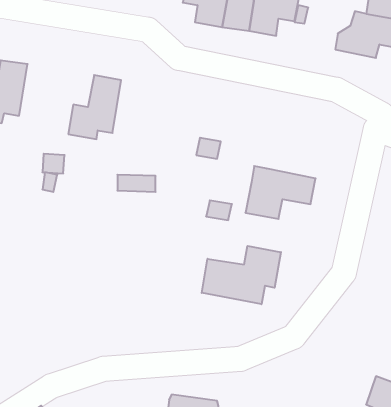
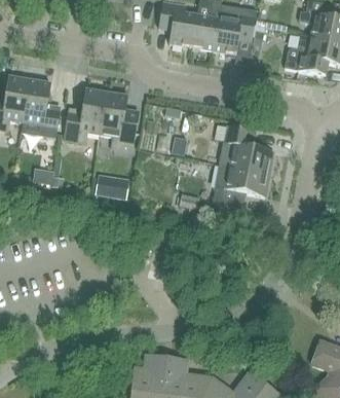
building: none -> [22,79,59,138]
building: none -> [100,93,138,151]
building: none -> [222,128,273,175]
building: [202,246,281,304] -> none

